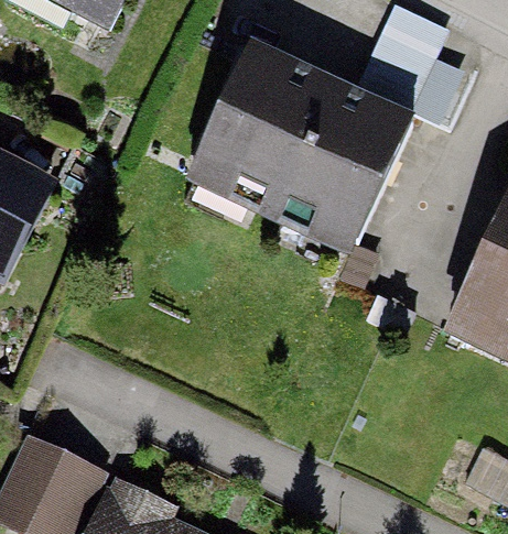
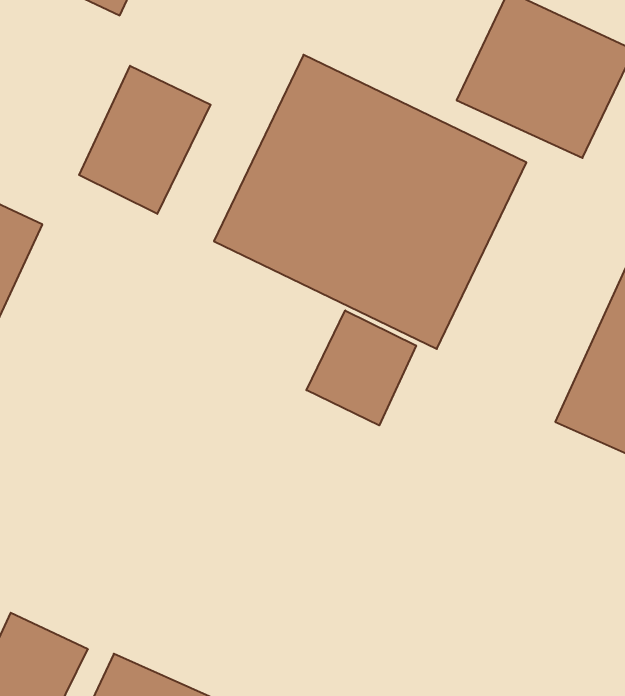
building: none -> [79,66,211,214]
building: none -> [306,310,416,425]

